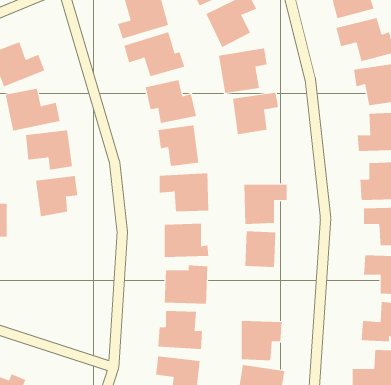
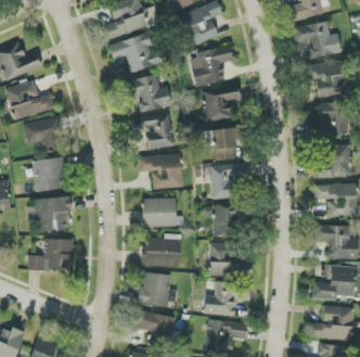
building: none -> [210,126,245,160]
building: none -> [36,197,69,231]
building: none -> [28,239,74,270]
building: none -> [209,243,252,277]

